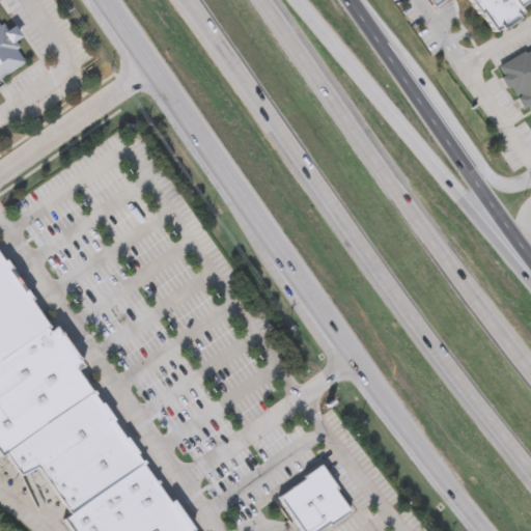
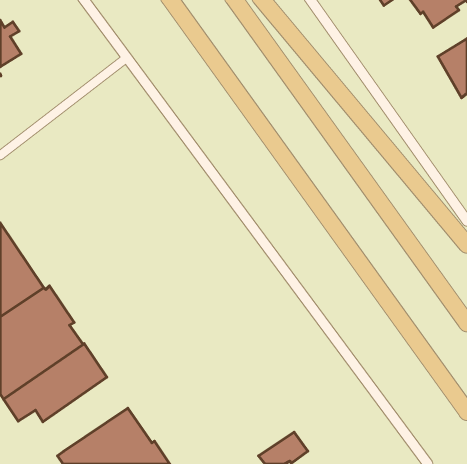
building: [49,428,145,512] -> none
building: [279,467,336,518] -> none

